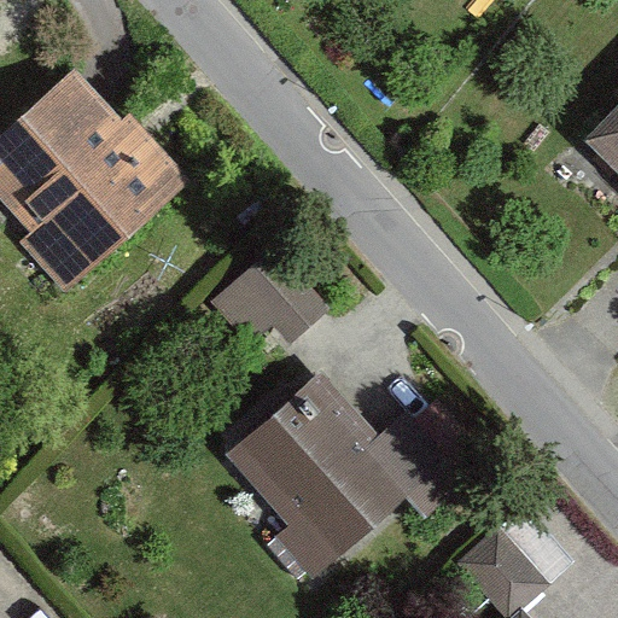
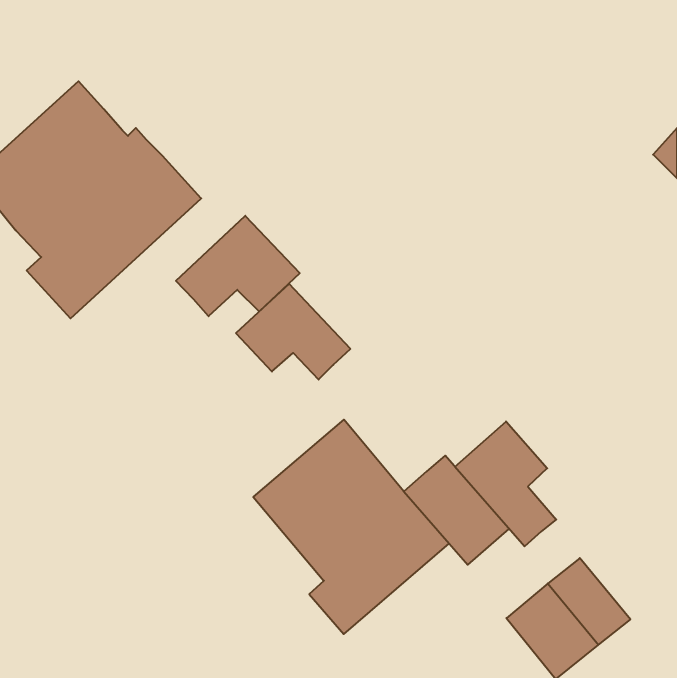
building: none -> [176,216,300,316]
building: none -> [455,421,556,546]

